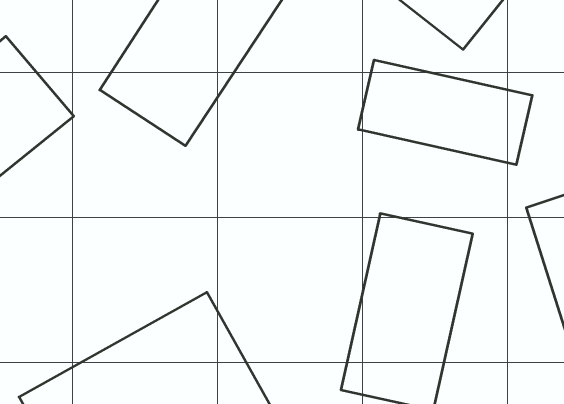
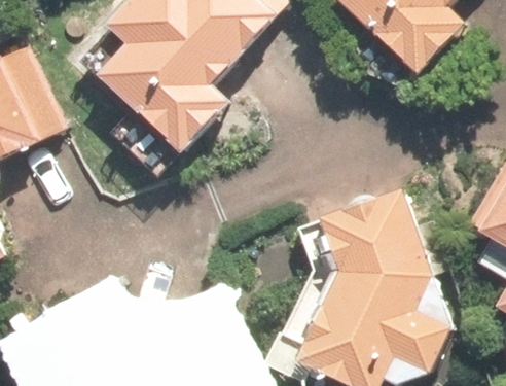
building: [358,60,532,165] -> none

